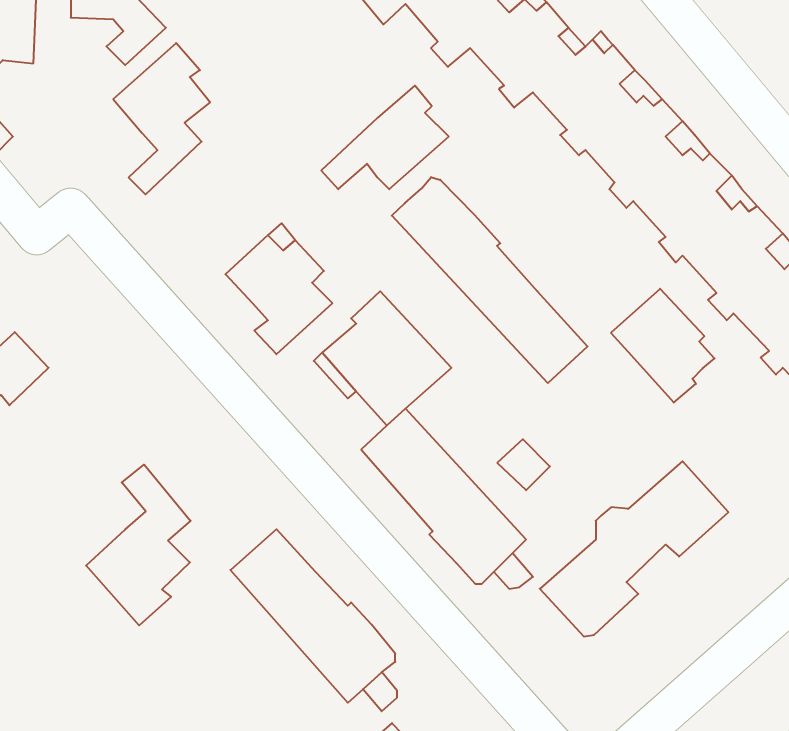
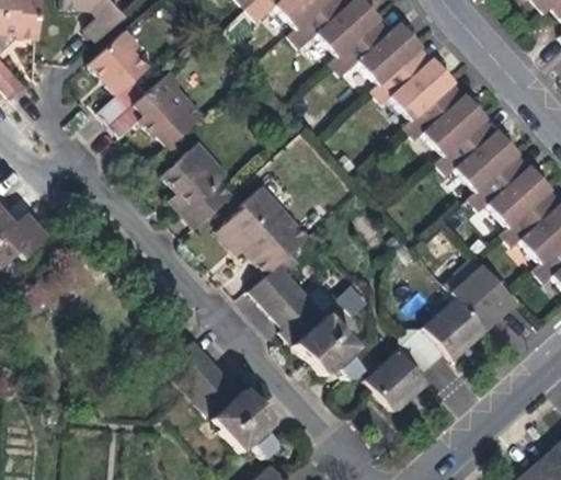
building: [321,86,449,189] -> [110,72,192,139]
building: [392,177,588,383] -> none
building: [611,289,715,403] -> [445,259,512,332]
building: [86,465,191,625] -> none

